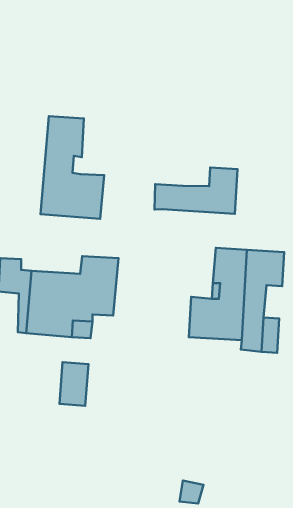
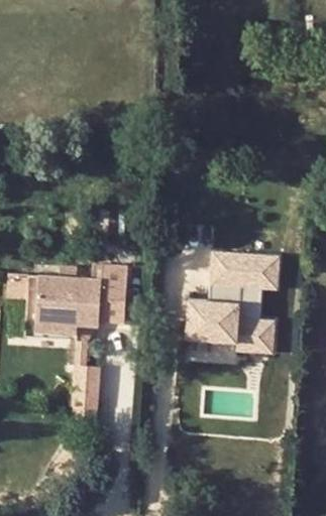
building: [41,116,104,219] -> none
building: [154,167,238,214] -> none

